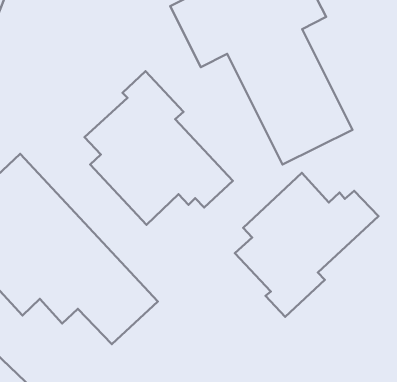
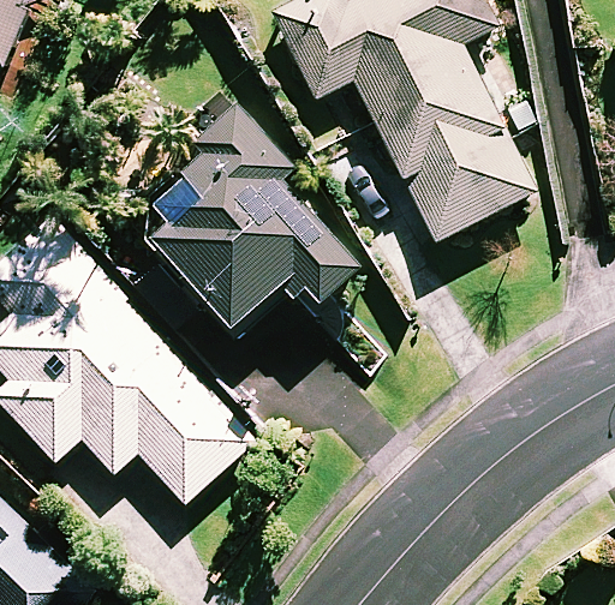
building: [235,173,379,317] -> none

